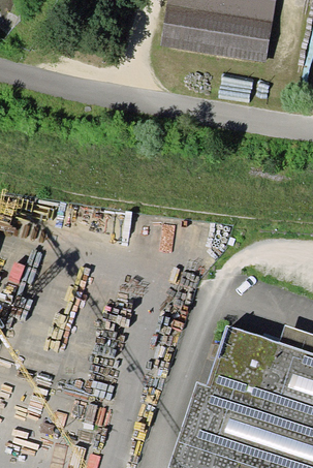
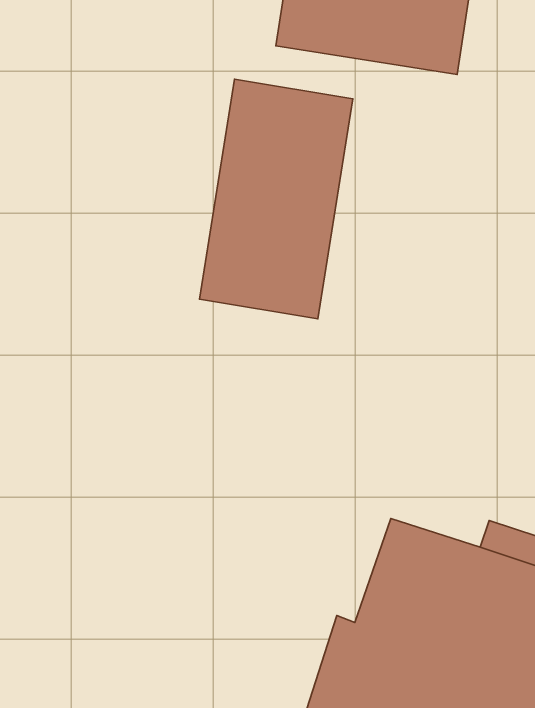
building: none -> [200,79,353,319]

